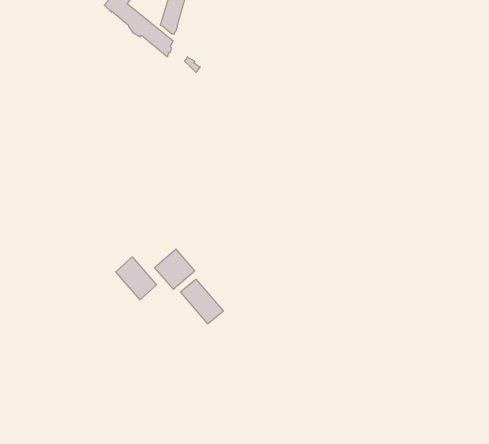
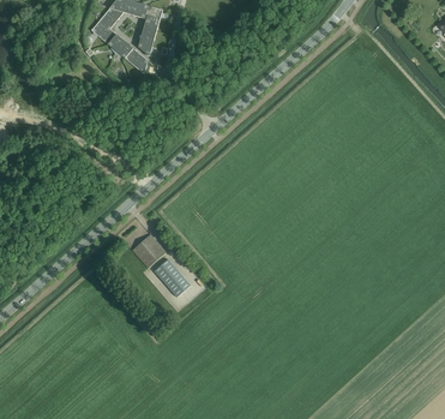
building: [116,257,156,300] -> none

